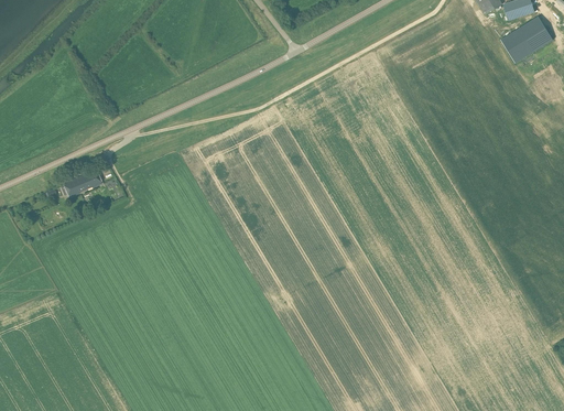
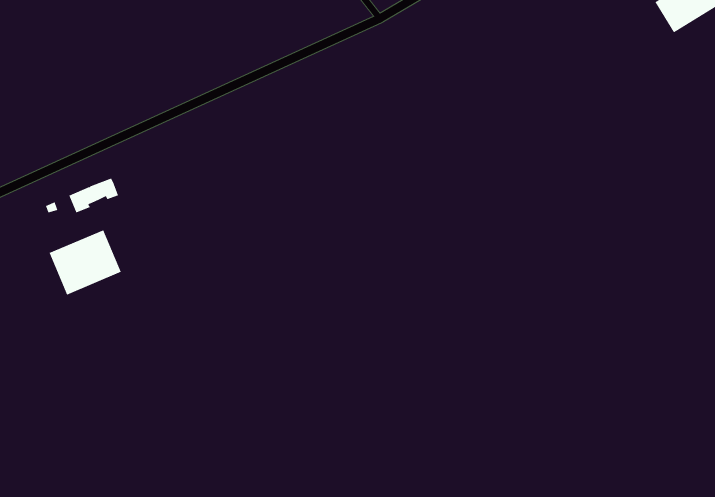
building: none -> [49,230,122,295]

